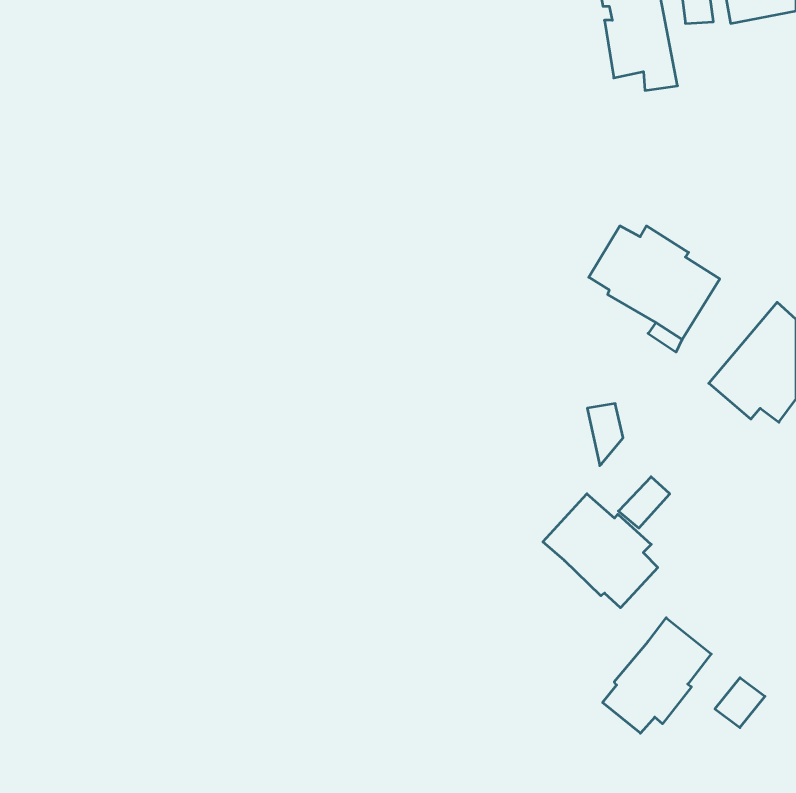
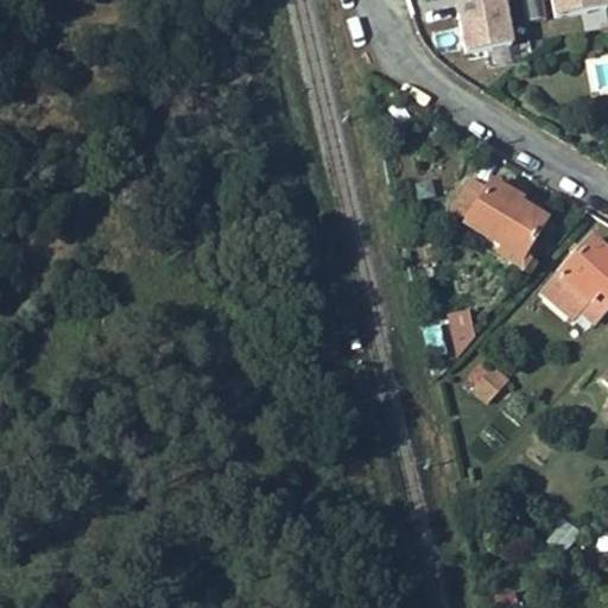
building: [543,494,658,608] -> none
building: [603,618,711,733] -> none

